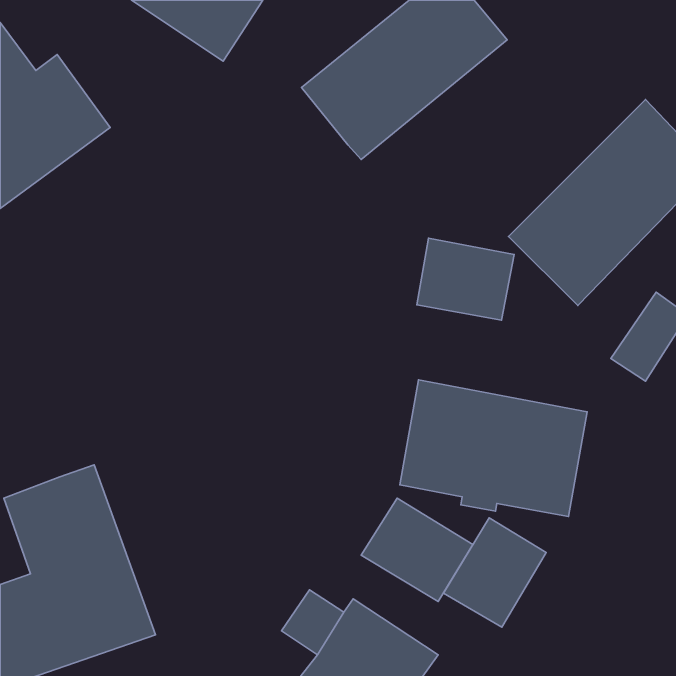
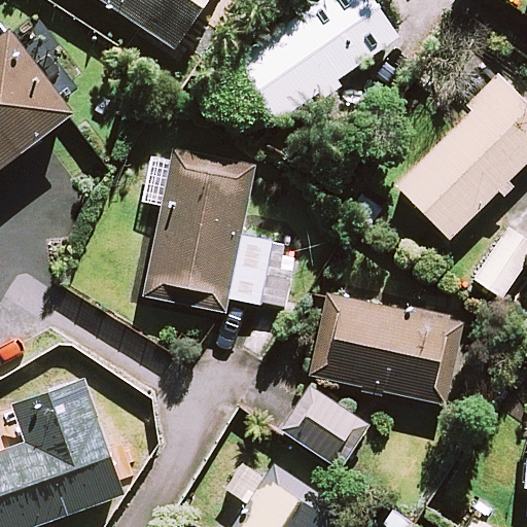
building: none -> [143,142,296,313]
building: [417,238,514,320] -> none
building: [443,518,546,627] -> none

